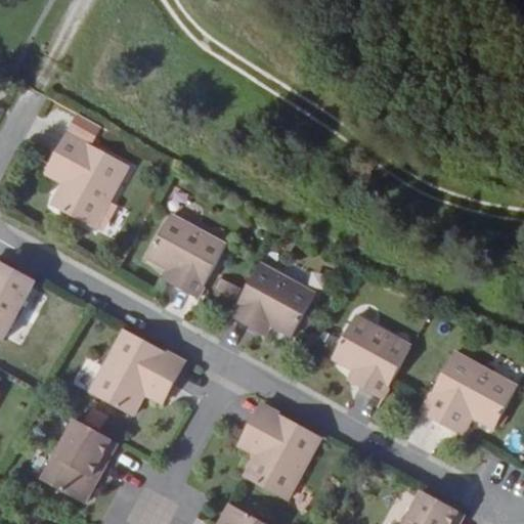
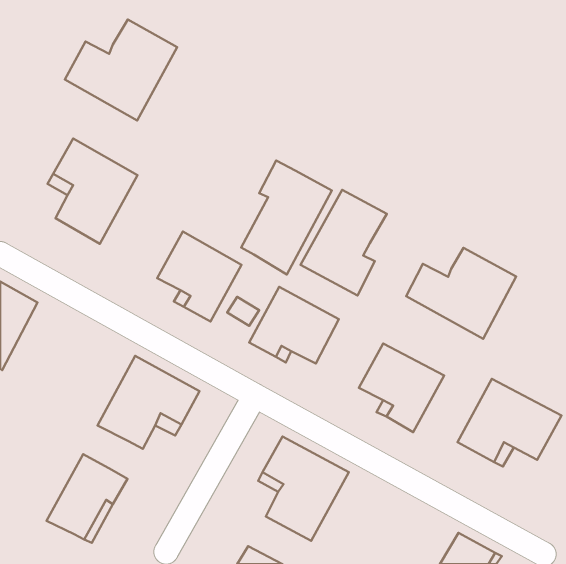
building: none -> [65,19,177,120]
building: none -> [241,161,332,274]
building: none -> [300,190,387,295]
building: none -> [406,248,516,339]

